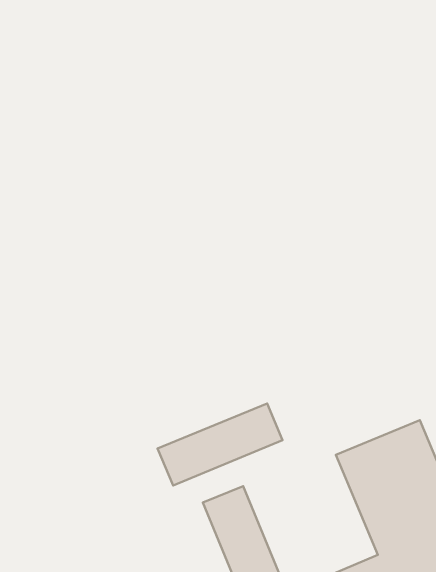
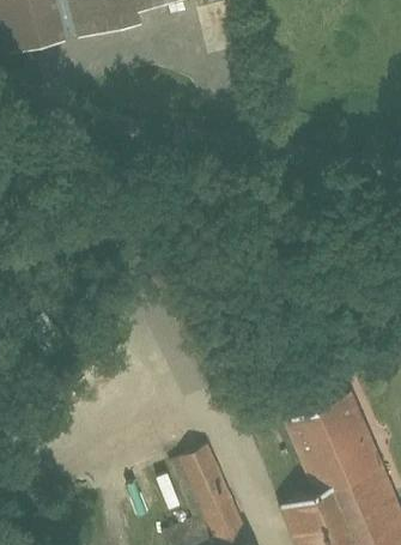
building: [158,403,283,486] -> none

